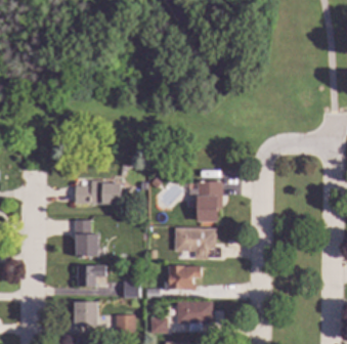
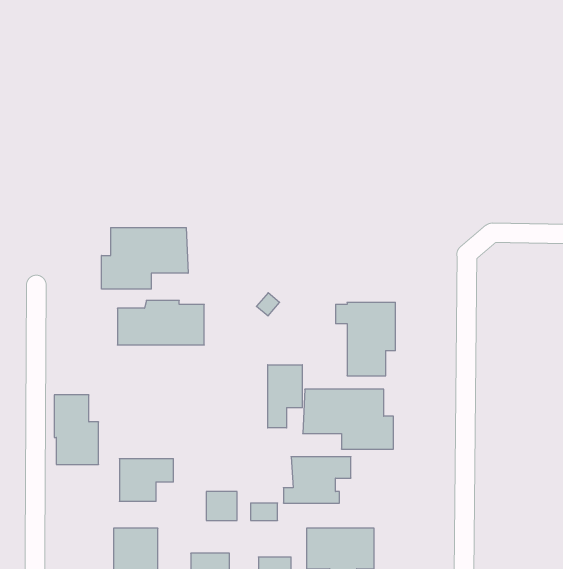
building: none -> [102,228,188,289]
building: none -> [268,365,302,428]
building: [75,220,98,257] -> [54,395,99,464]

